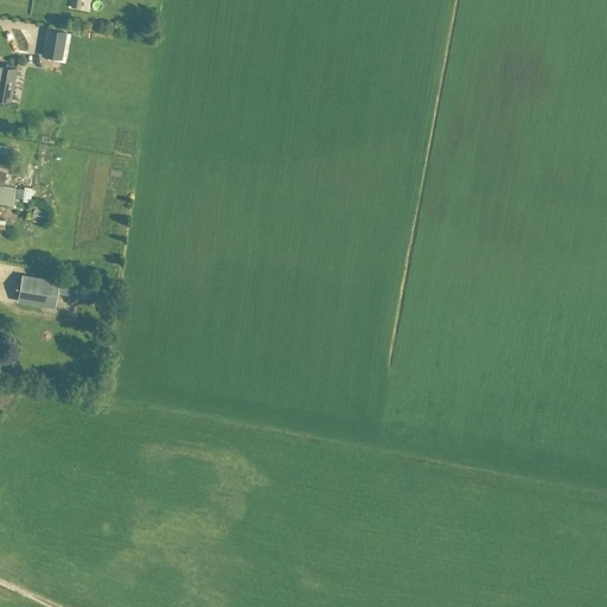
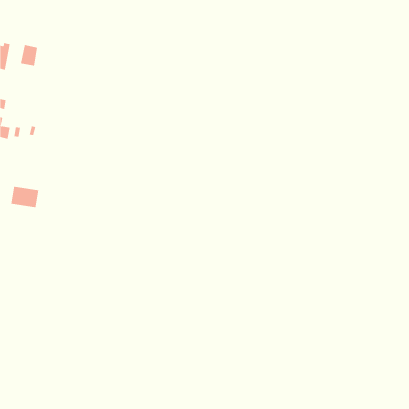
building: [39,27,65,59] -> [20,44,38,66]

